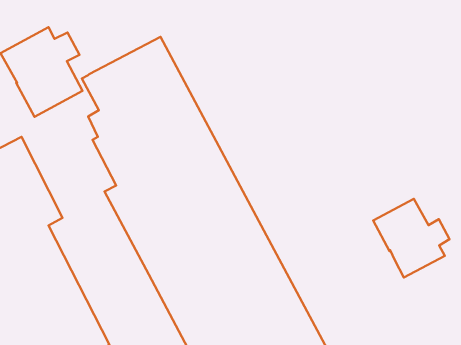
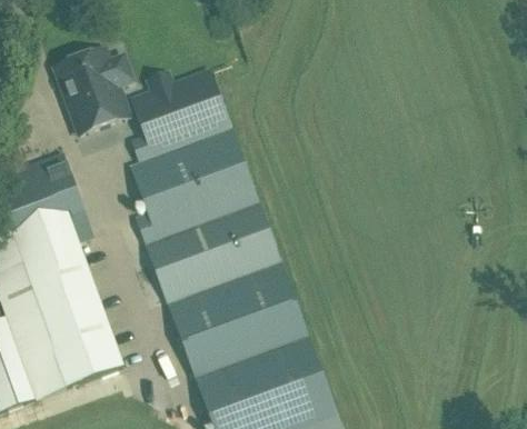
building: [373,199,450,277] -> none

